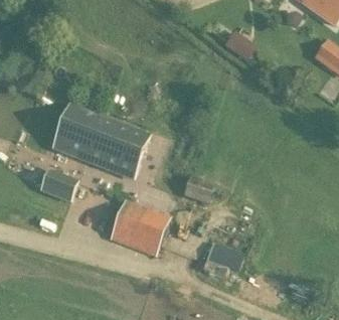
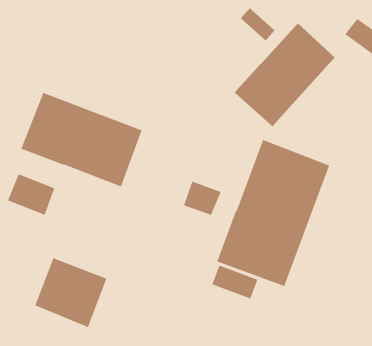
building: none -> [234,22,336,127]
building: none -> [216,139,330,287]
building: [109,198,168,256] -> [34,257,107,328]

